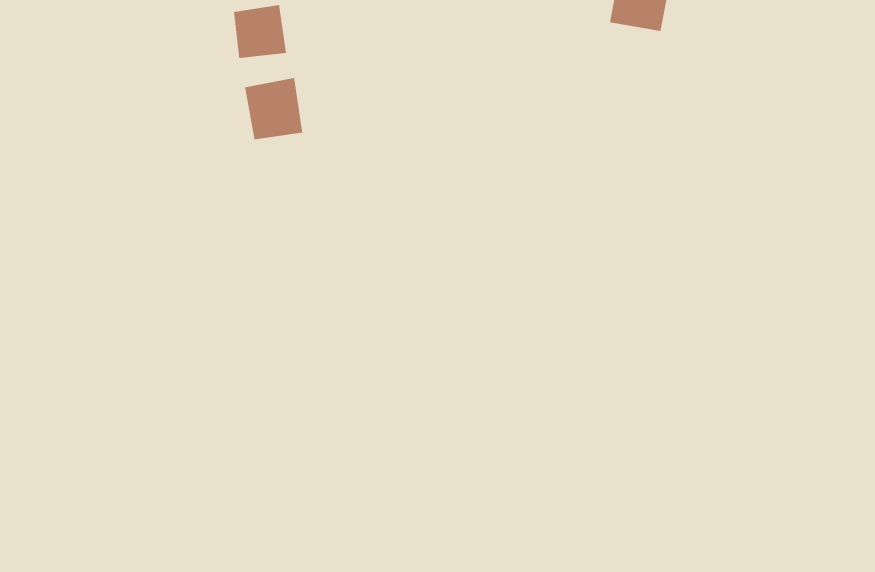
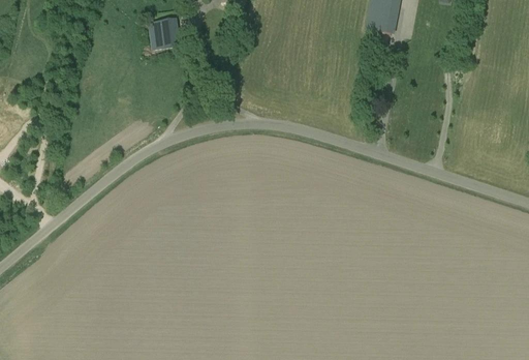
building: [244,77,303,140] -> none

